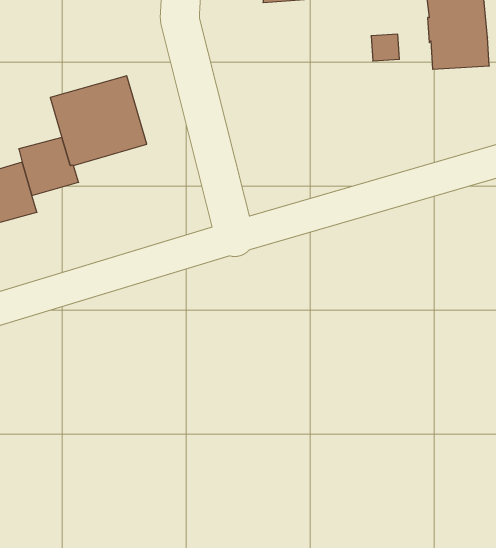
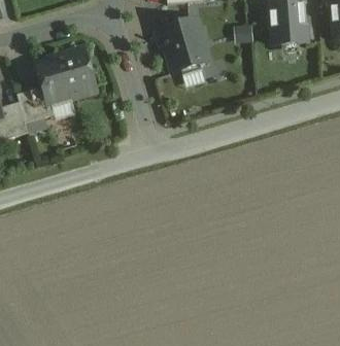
building: none -> [160,16,210,74]

